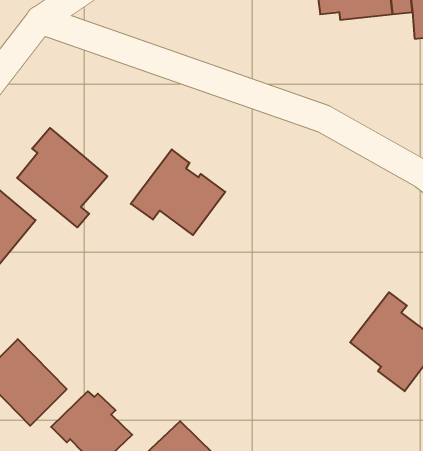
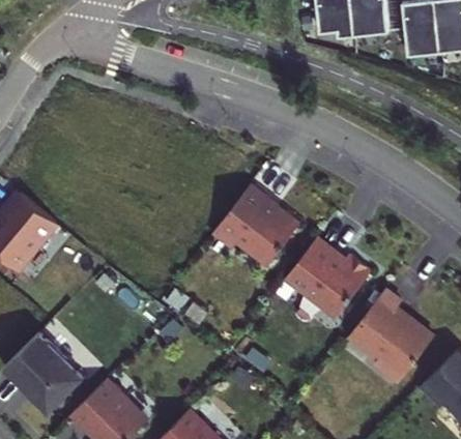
building: [17,128,107,227] -> none
building: [131,149,225,235] -> [211,184,299,264]
building: none -> [287,241,371,316]

